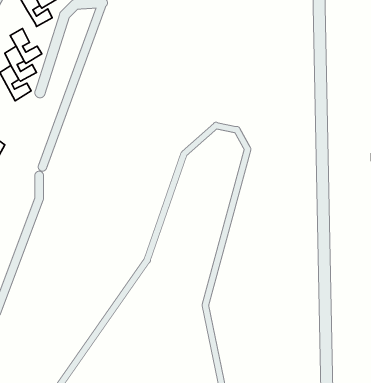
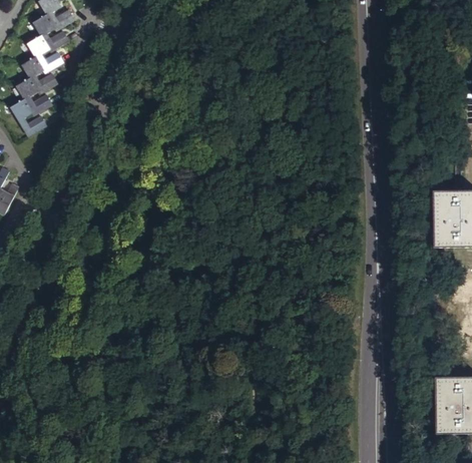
building: none -> [27,31,63,71]

